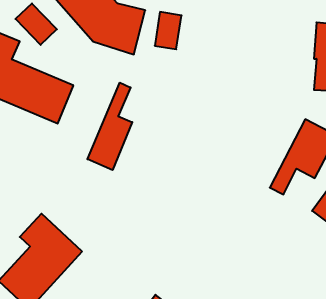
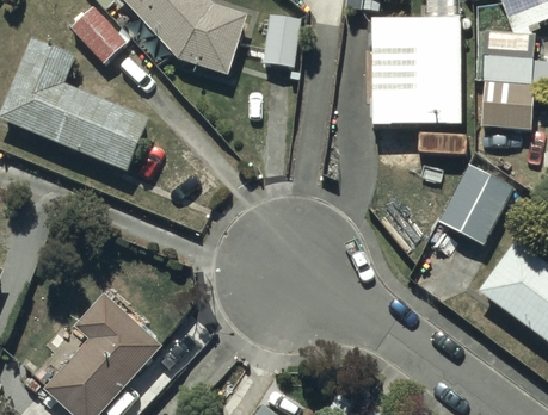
building: none -> [372,17,461,122]
building: [87,83,132,170] -> none

